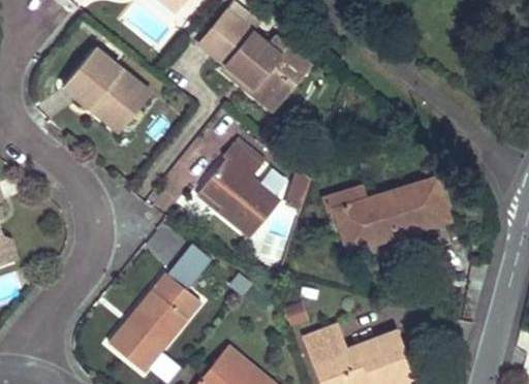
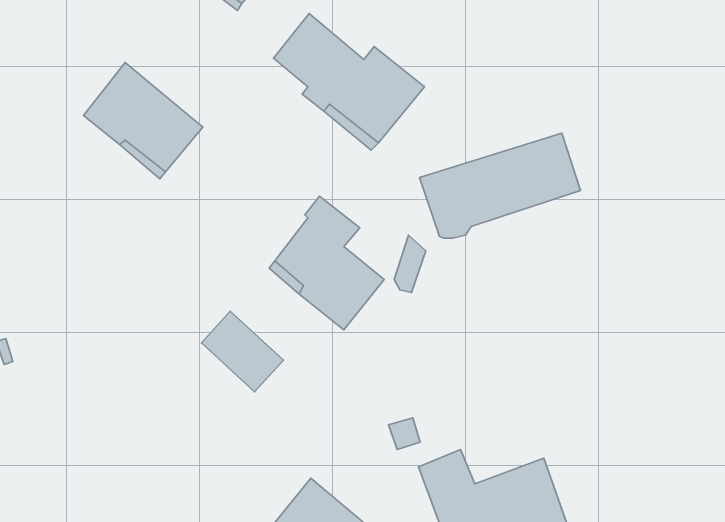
building: [334,177,449,252] -> [419,133,580,238]
building: [110,271,201,371] -> none

